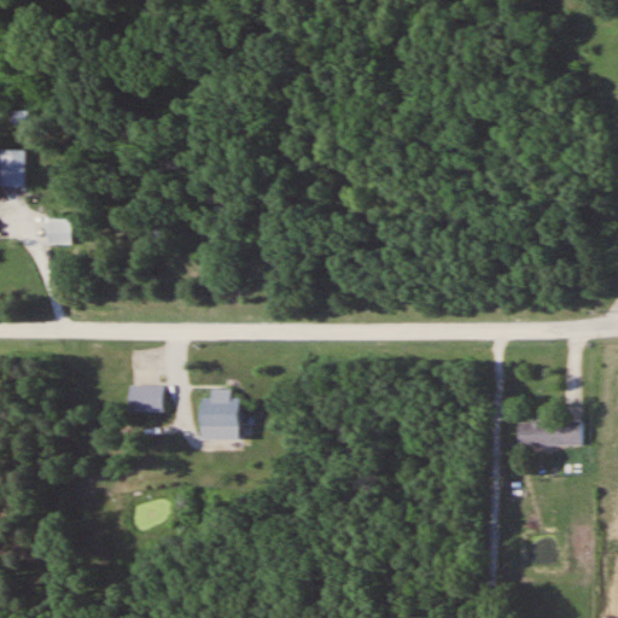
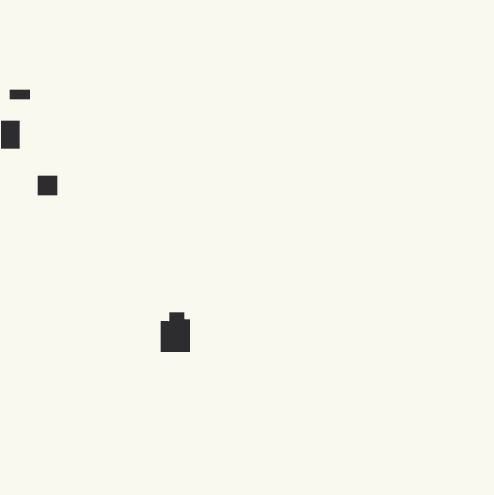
building: [128,385,162,413] -> none
building: [519,421,582,445] -> none

